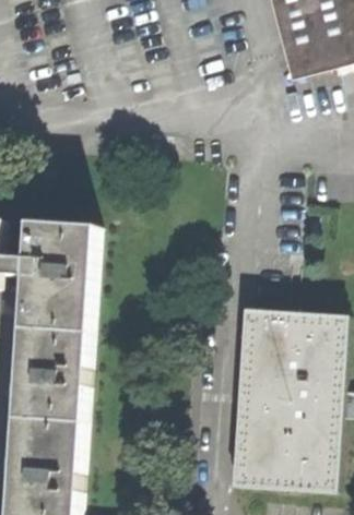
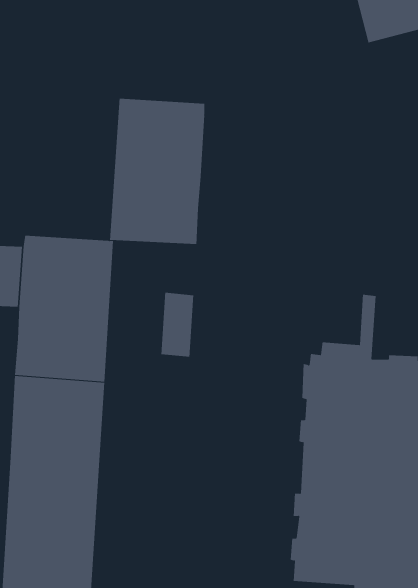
building: none -> [110,98,205,245]
building: none -> [161,292,194,358]

